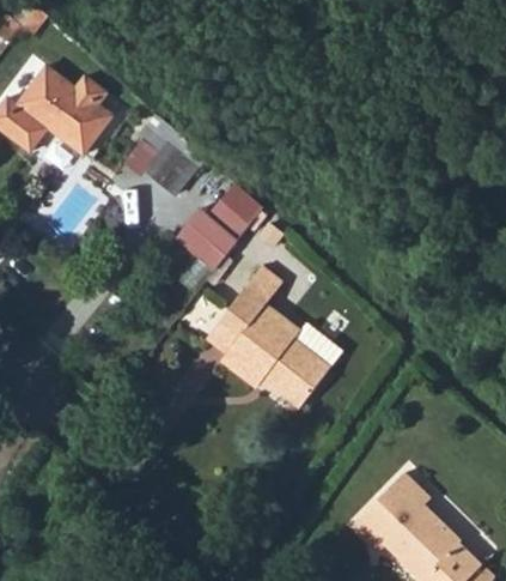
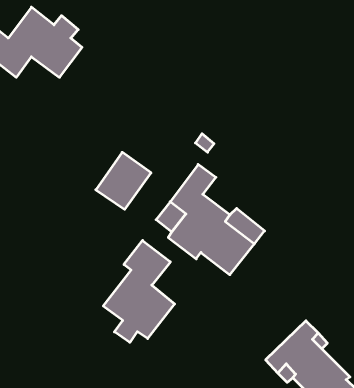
building: [146,131,199,195] -> none
building: [181,192,251,265] -> [96,152,151,209]
building: none -> [103,240,175,342]

